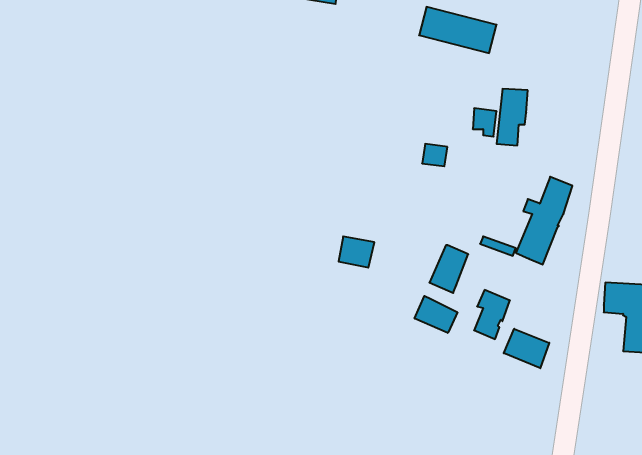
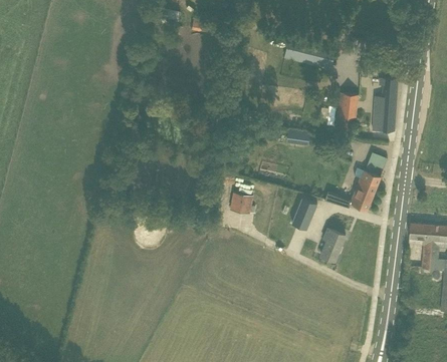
building: none -> [372,78,397,131]
building: [415,296,457,333] -> none
building: [504,329,549,368] -> none

